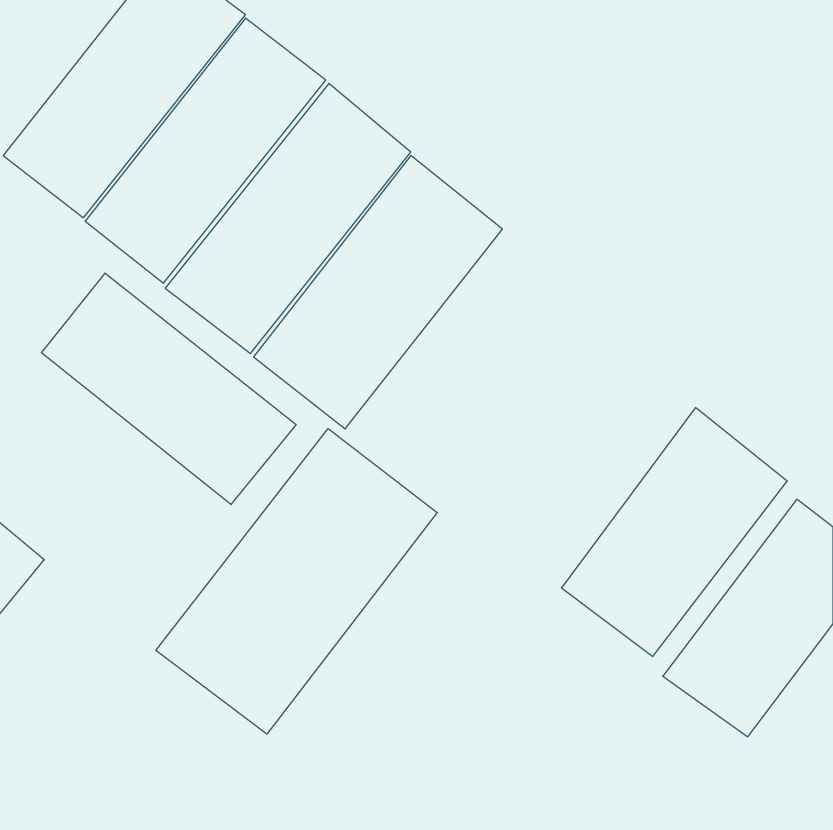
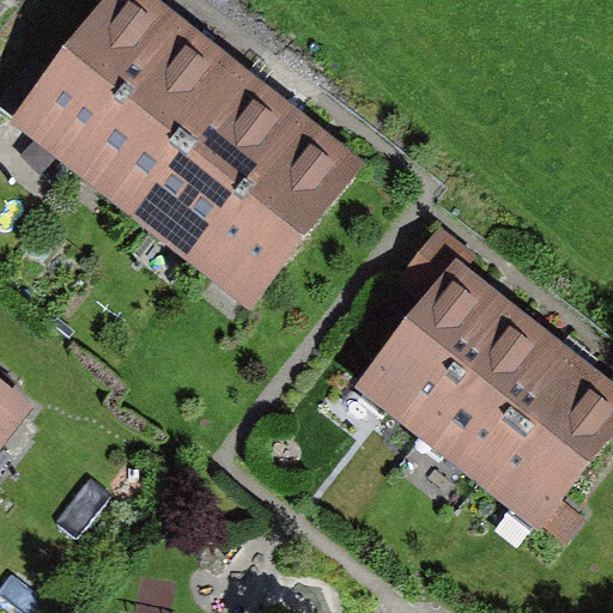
building: [41,273,296,505] -> none
building: none -> [345,212,506,426]
building: [156,429,437,734] -> none

